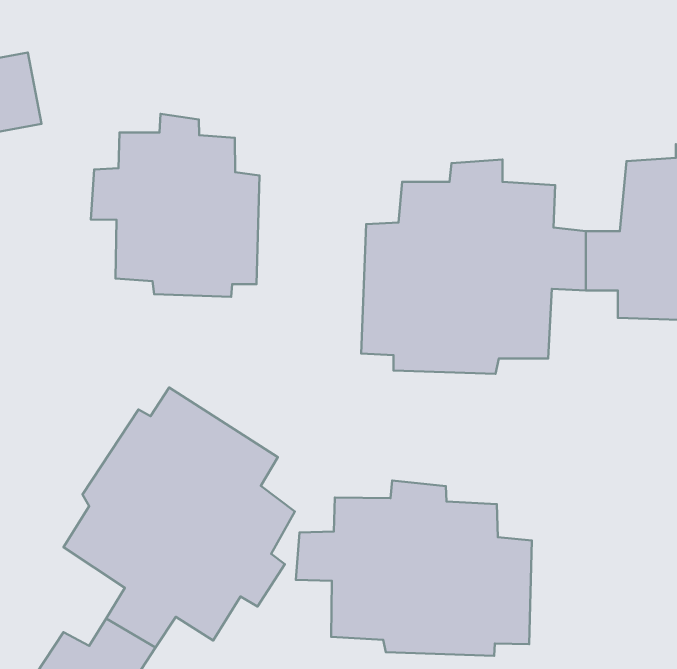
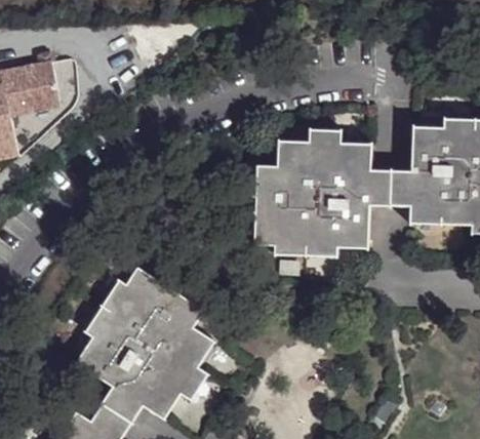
building: [91,114,259,297] -> none
building: [296,480,532,656] -> none

